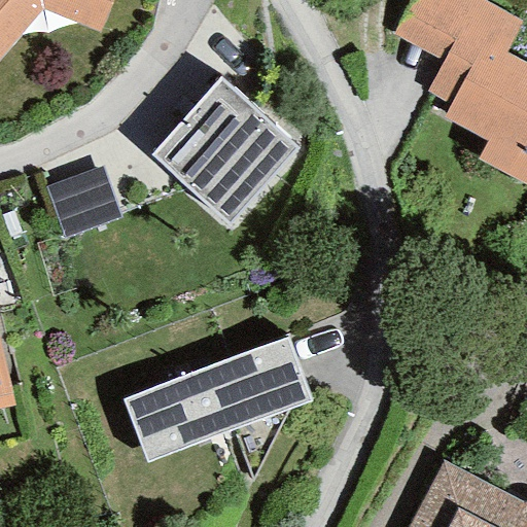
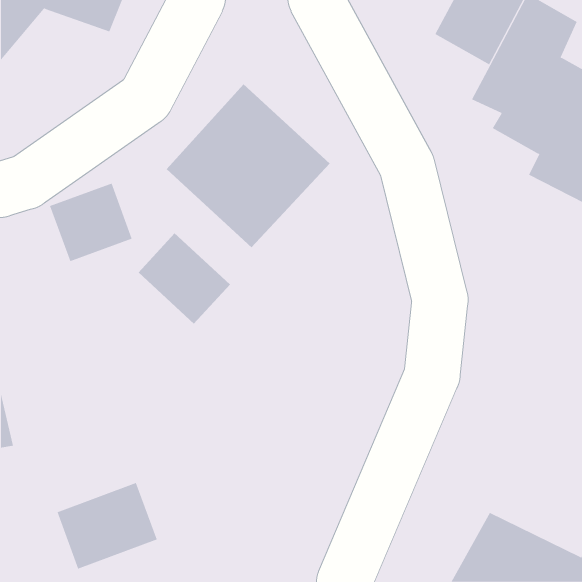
building: none -> [138,232,231,324]
building: [122,337,312,462] -> none
building: none -> [57,482,158,569]

